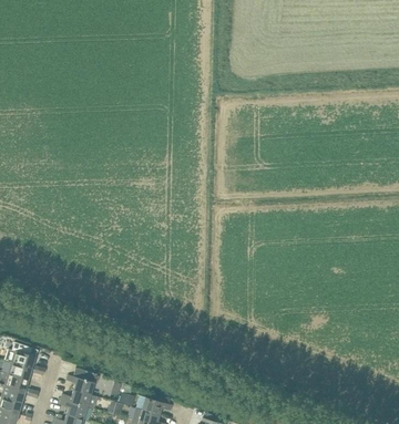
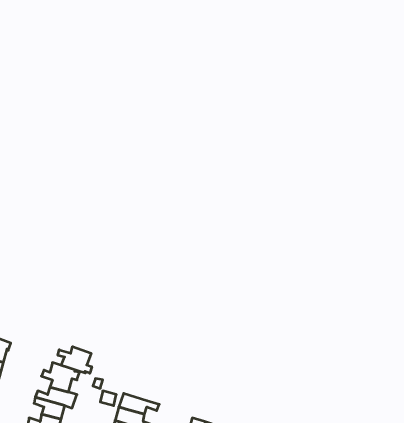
building: none -> [58,347,92,373]

